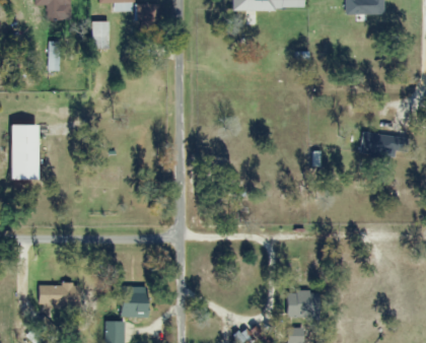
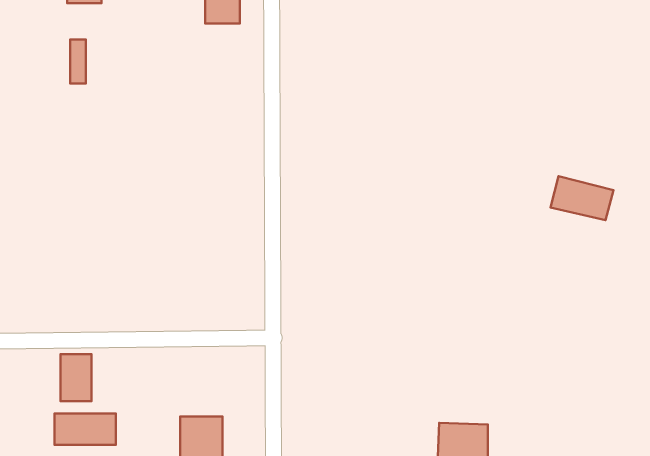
building: [92,22,110,50] -> none
building: [10,126,38,181] -> none
building: none -> [61,354,92,401]

